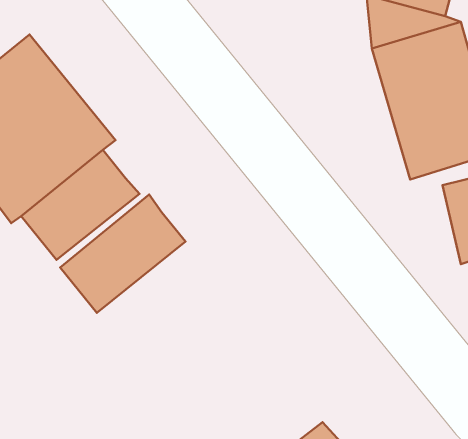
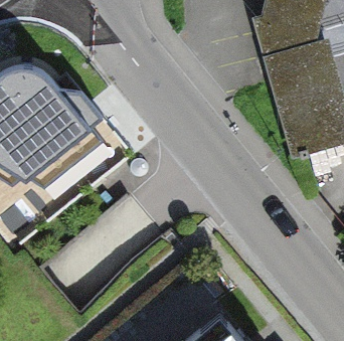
building: [60,195,186,313] -> none

